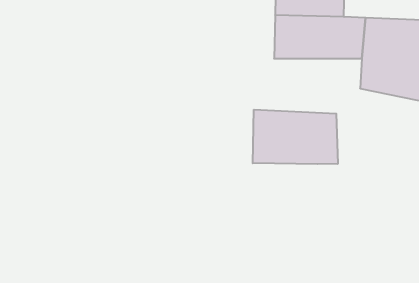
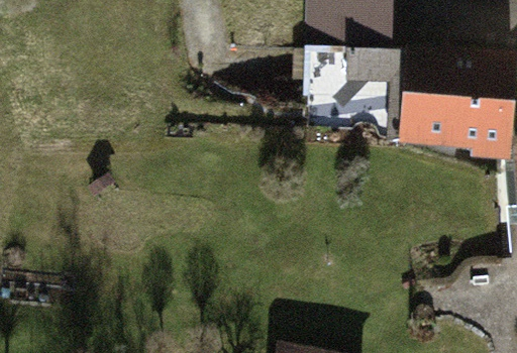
building: [253,110,338,164] -> none

